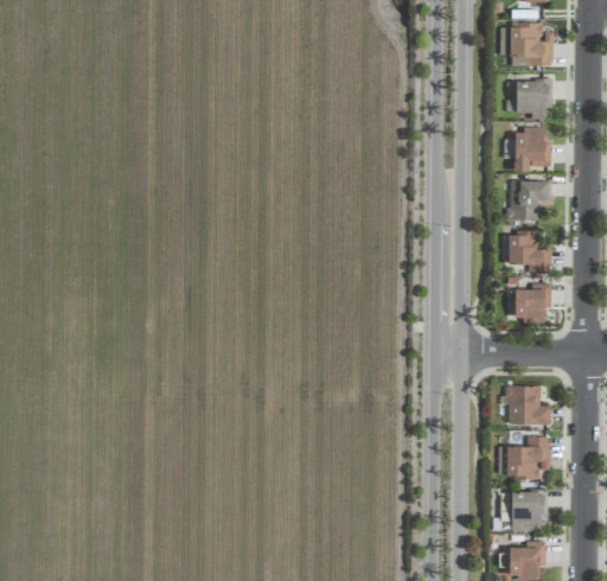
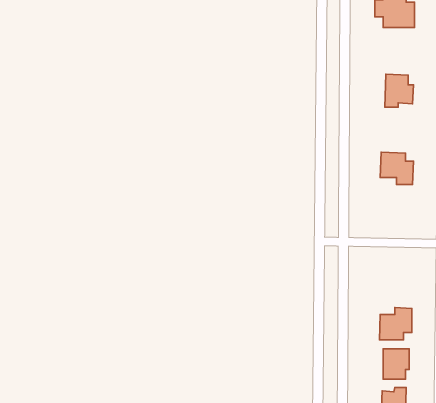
building: [516,81,551,120] -> none
building: [510,180,549,221] -> none
building: [515,283,550,321] -> none
building: [507,385,549,424] -> none

